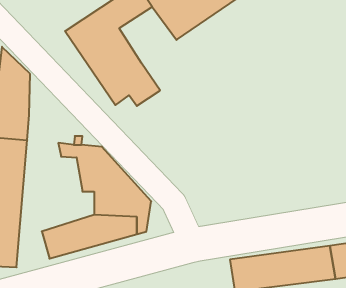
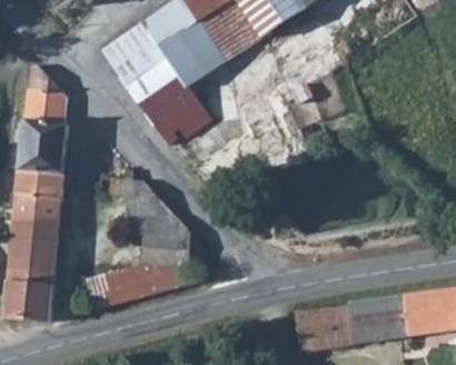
building: none -> [165,21,230,86]

